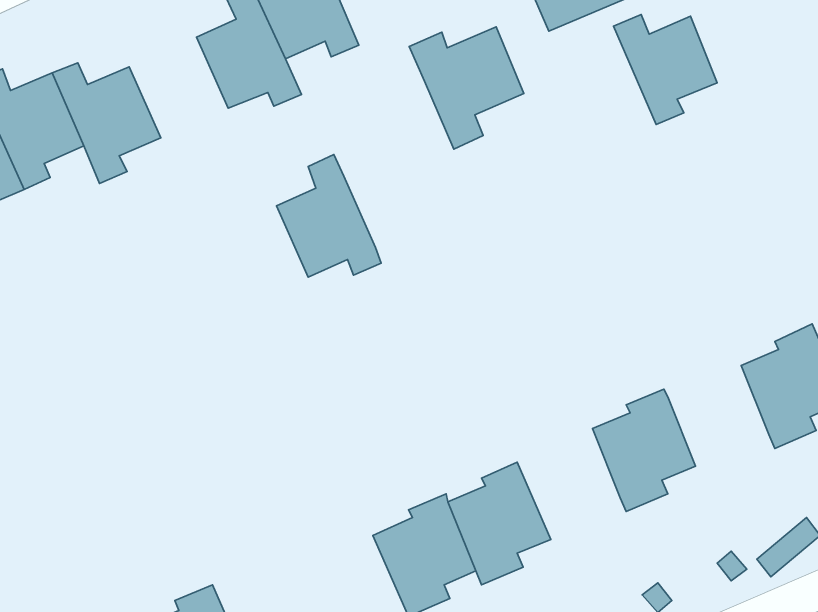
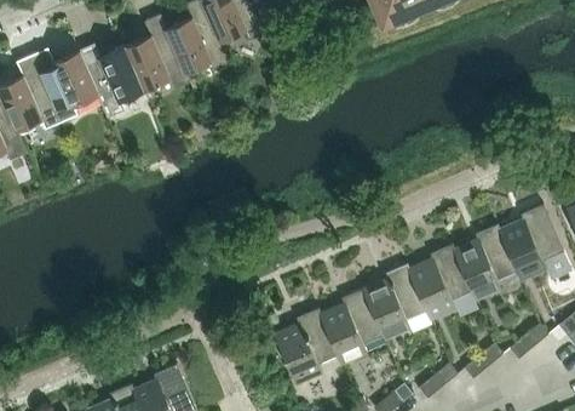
building: [614,14,717,125] -> none
building: [409,27,524,149] -> none
building: [276,155,381,277] -> [125,16,189,91]
building: none -> [454,226,516,301]
building: none -> [362,264,425,341]

